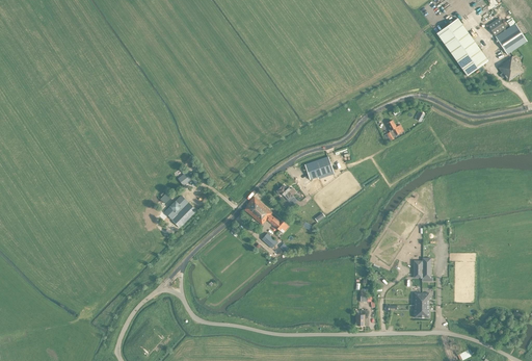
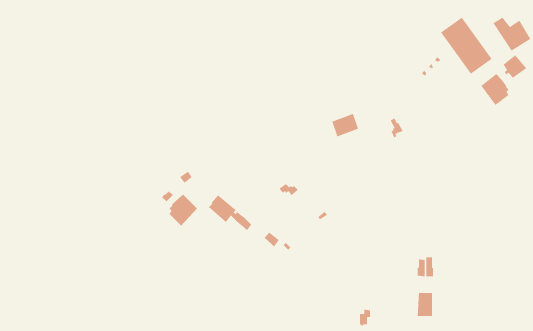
building: none -> [481,73,509,106]
building: [305,155,332,179] -> [332,113,359,137]
building: [244,196,288,232] -> [208,194,252,231]

